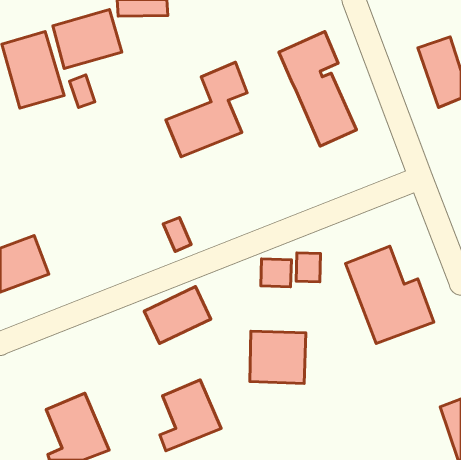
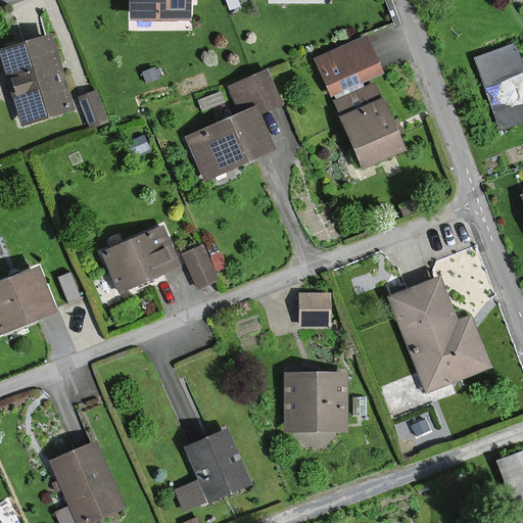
building: [53,10,122,69] -> none
building: [296,253,321,282] -> none
building: [144,287,211,343] -> [102,226,178,290]

